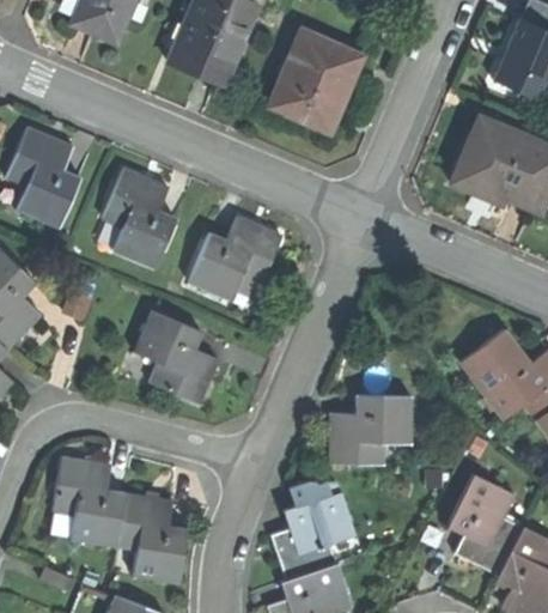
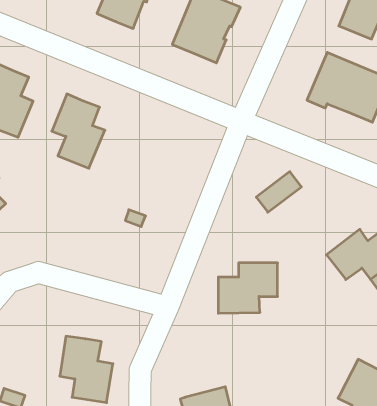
building: [191,218,282,302] -> none
building: [135,311,217,406] -> none
building: [461,330,522,386] -> [256,172,301,212]
building: [54,457,124,550] -> none
building: [446,474,519,576] -> none
building: [273,490,355,578] -> none

